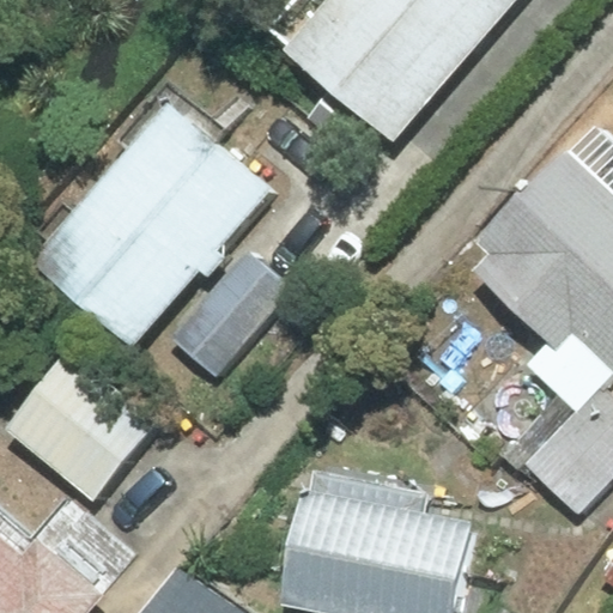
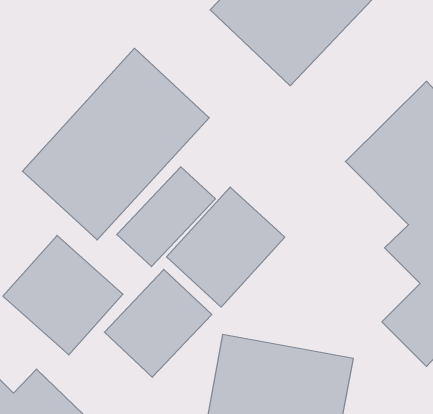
building: none -> [167,187,285,307]
building: none -> [104,269,212,377]

